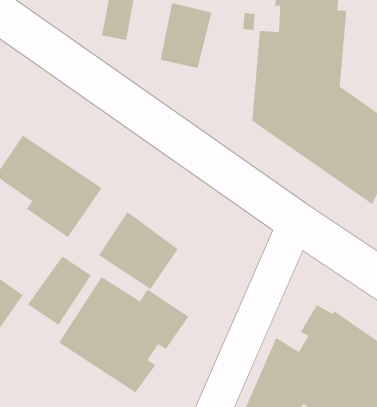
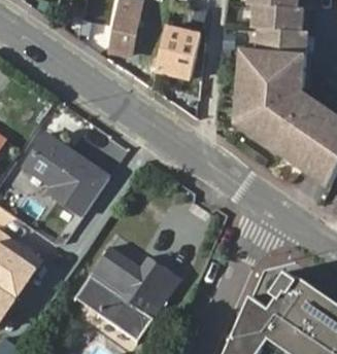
building: [98,211,178,290] -> none
building: [27,256,91,325] -> none

